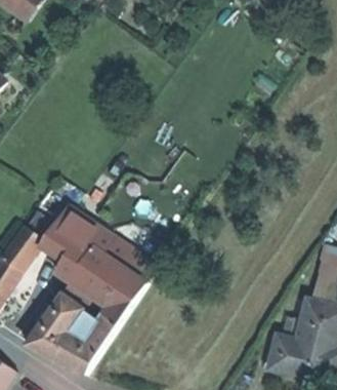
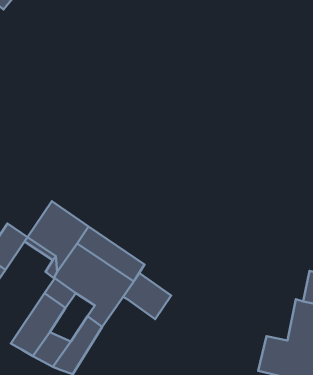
building: none -> [123,273,171,319]

